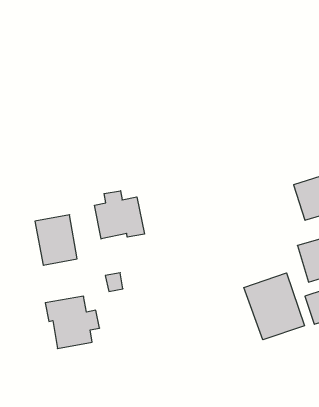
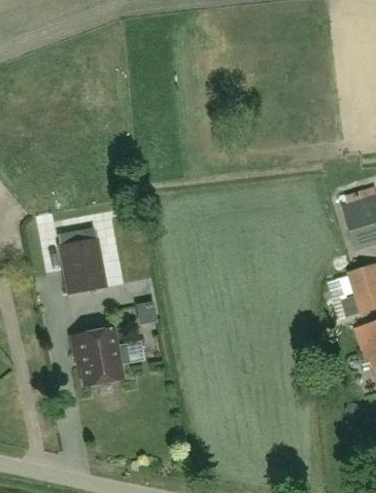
building: [95,191,144,239] -> none
building: [244,273,304,340] -> none

